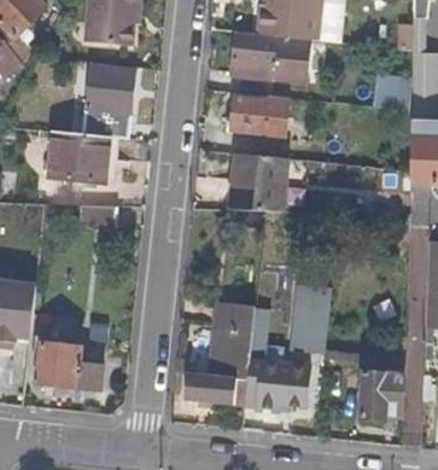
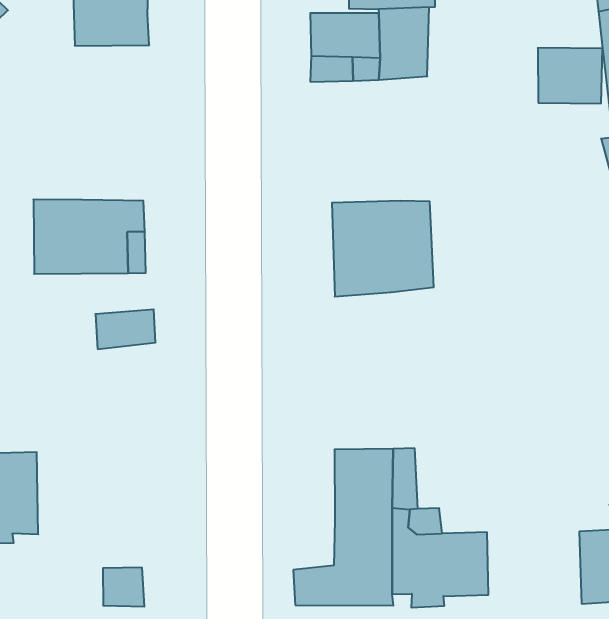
building: [82,64,134,138] -> none
building: [226,92,290,156] -> none
building: [291,286,329,353] -> none
building: [34,336,70,384] -> none

